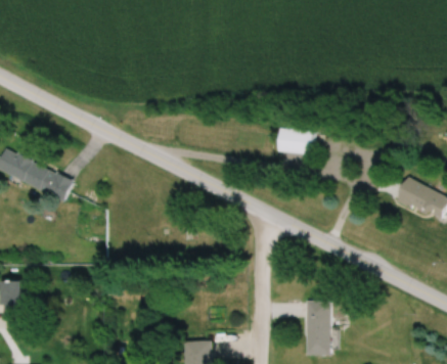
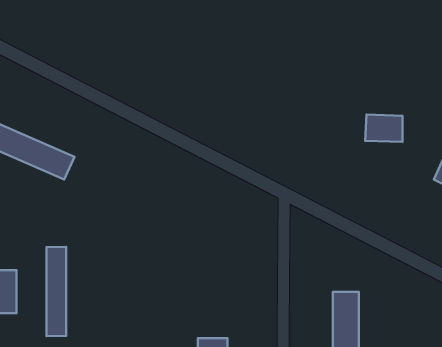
building: [278,129,312,153] -> [365,115,403,142]
building: none -> [47,247,66,336]

